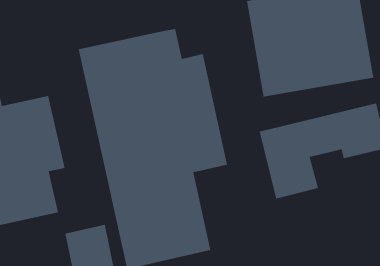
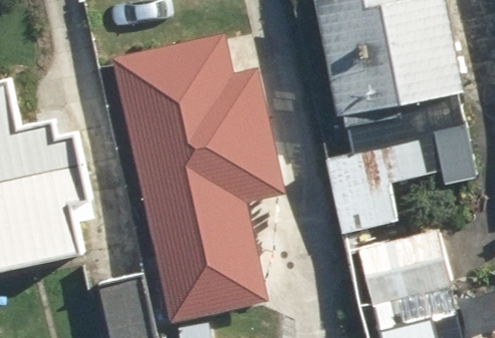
building: none -> [353,224,456,308]

